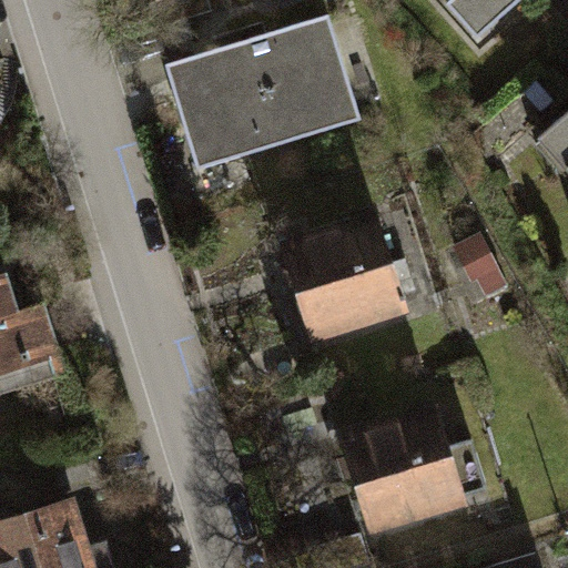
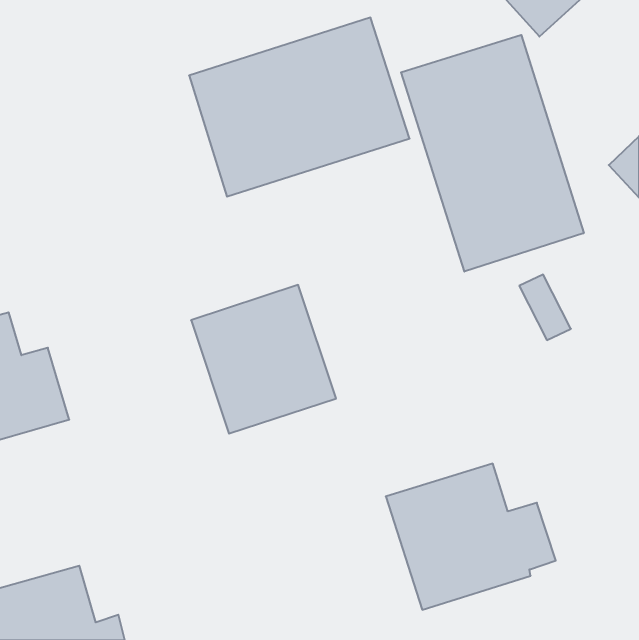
building: none -> [401,35,584,272]
building: [281,217,408,348] -> [191,285,336,434]

